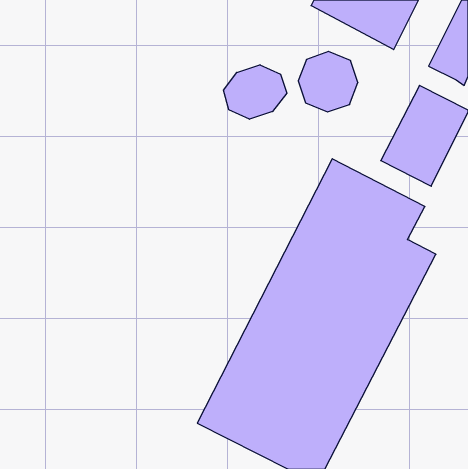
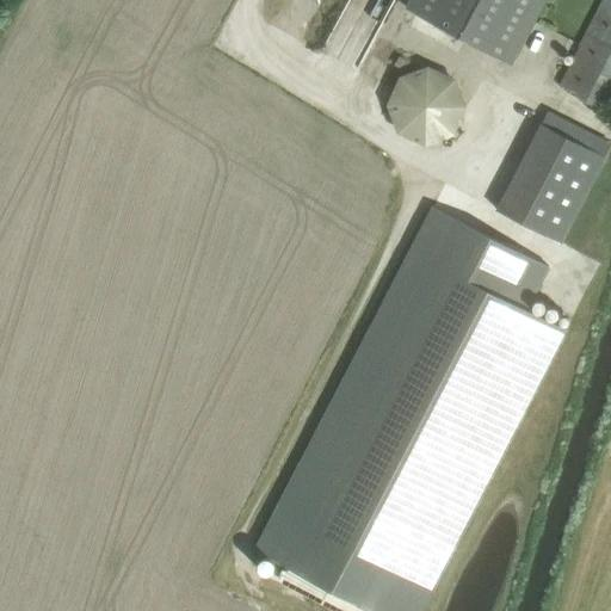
building: [223,65,287,119] -> none

